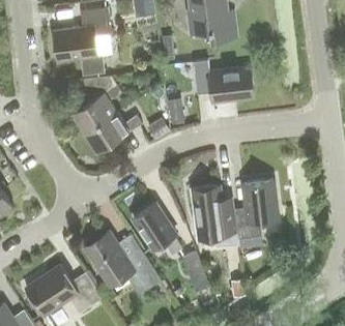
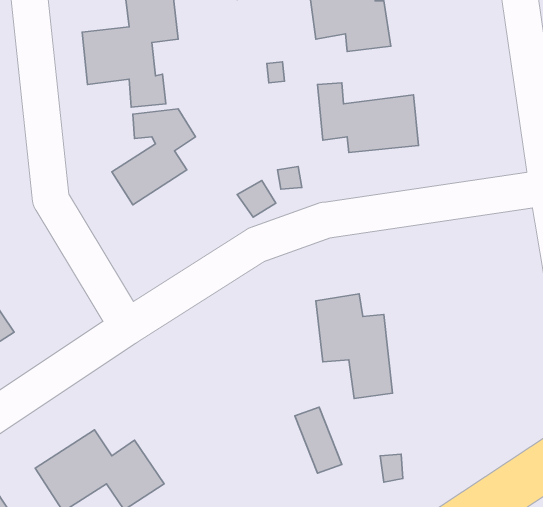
building: [83,111,141,151] -> none
building: [233,178,277,238] -> none
building: [132,203,181,254] -> none
building: [85,233,159,293] -> none

